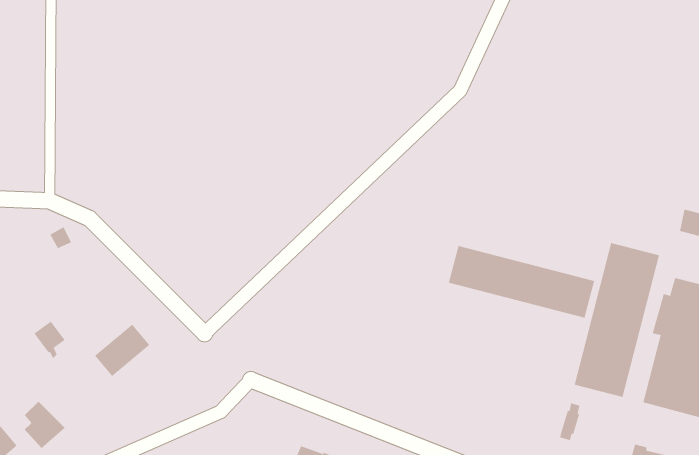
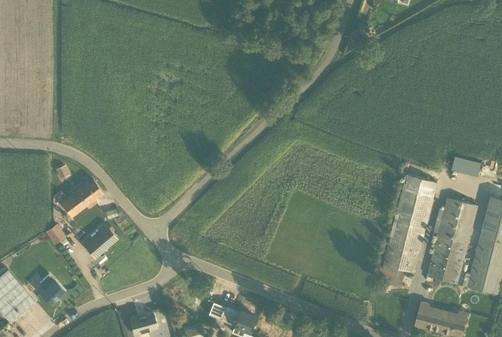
building: [448,245,595,319] -> none
building: none -> [60,179,102,216]

